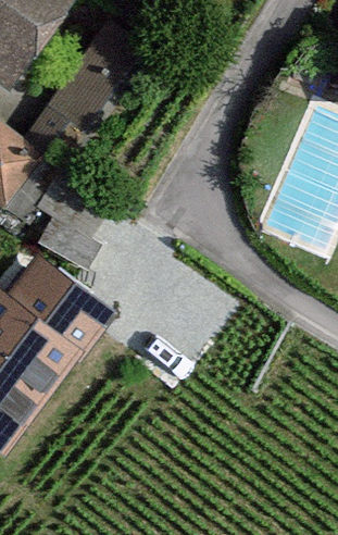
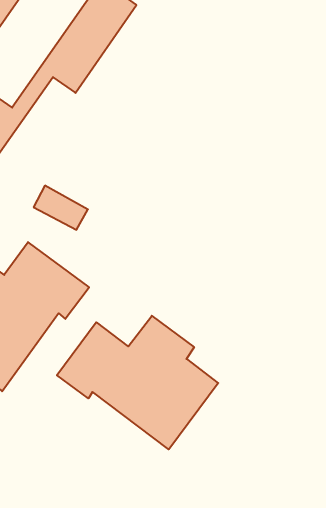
building: none -> [57,316,218,449]

